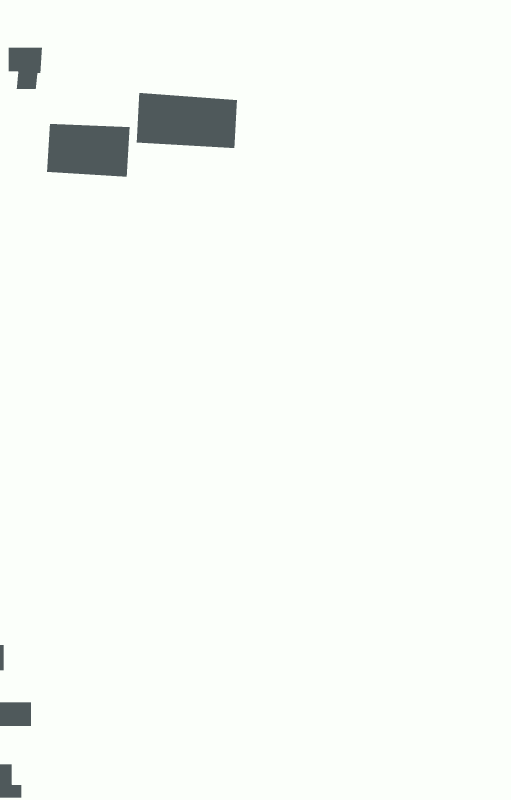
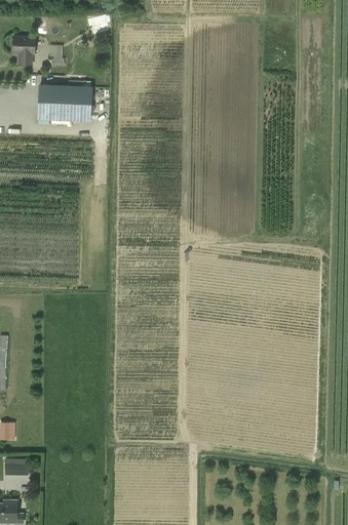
building: [136,92,238,149] -> none

